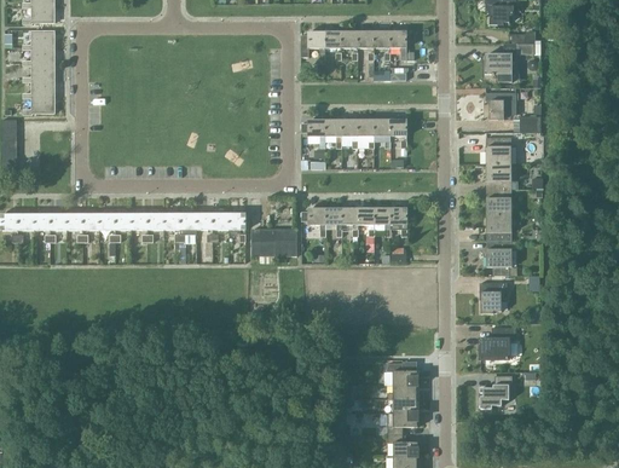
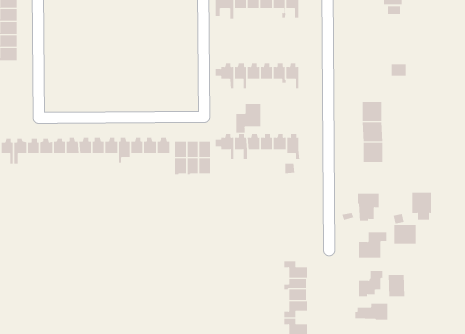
building: [485,56,511,82] -> none
building: [485,93,516,121] -> none
building: [485,138,510,164] -> none
building: none -> [236,103,261,133]
building: [486,241,511,276] -> [411,192,432,220]
building: none -> [394,224,416,245]
building: none -> [388,274,405,297]
building: none -> [355,303,388,320]

